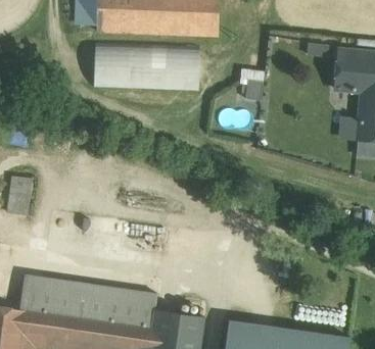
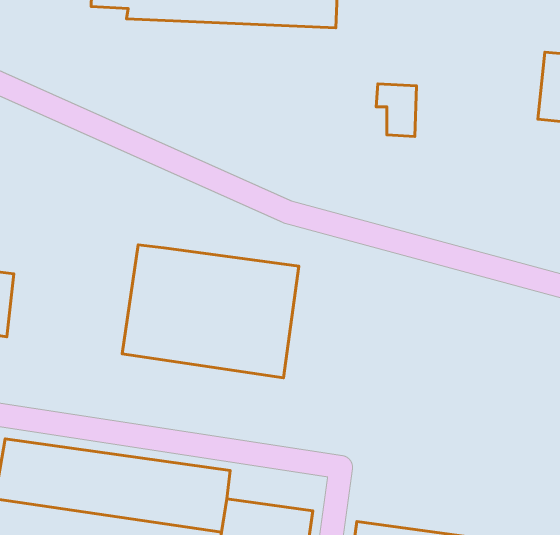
building: [92,43,199,88] -> none
building: none -> [122,245,299,378]

